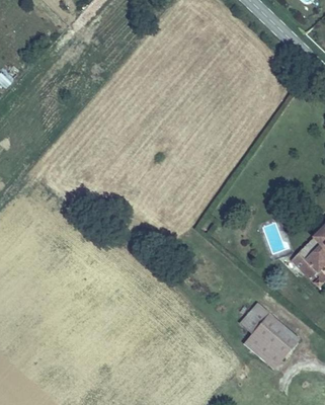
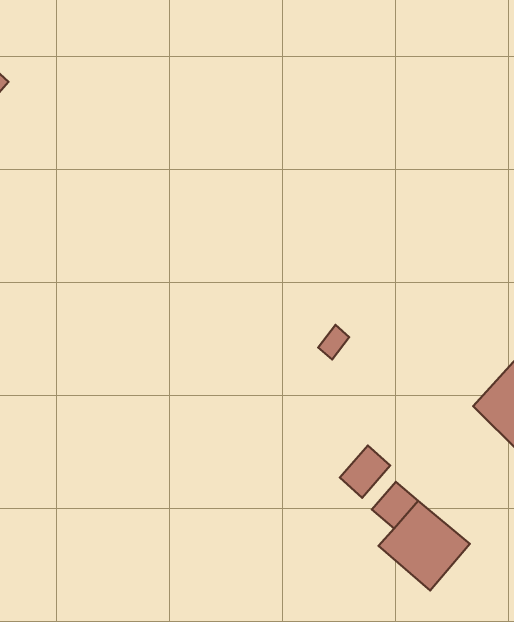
building: none -> [340,445,390,498]

